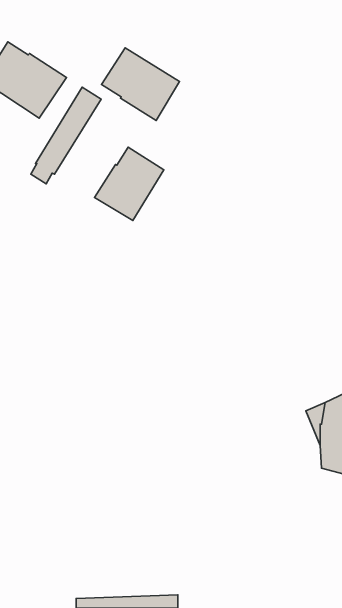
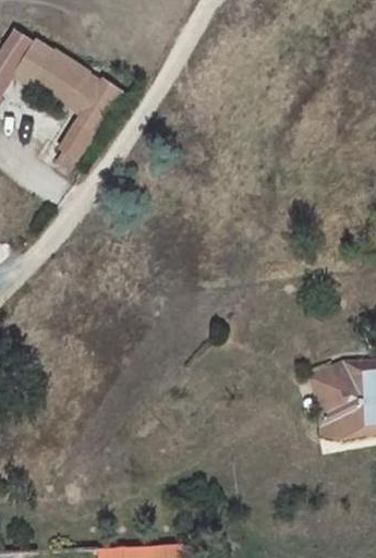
building: [102,48,180,121] -> none
building: [95,147,164,220] -> none

